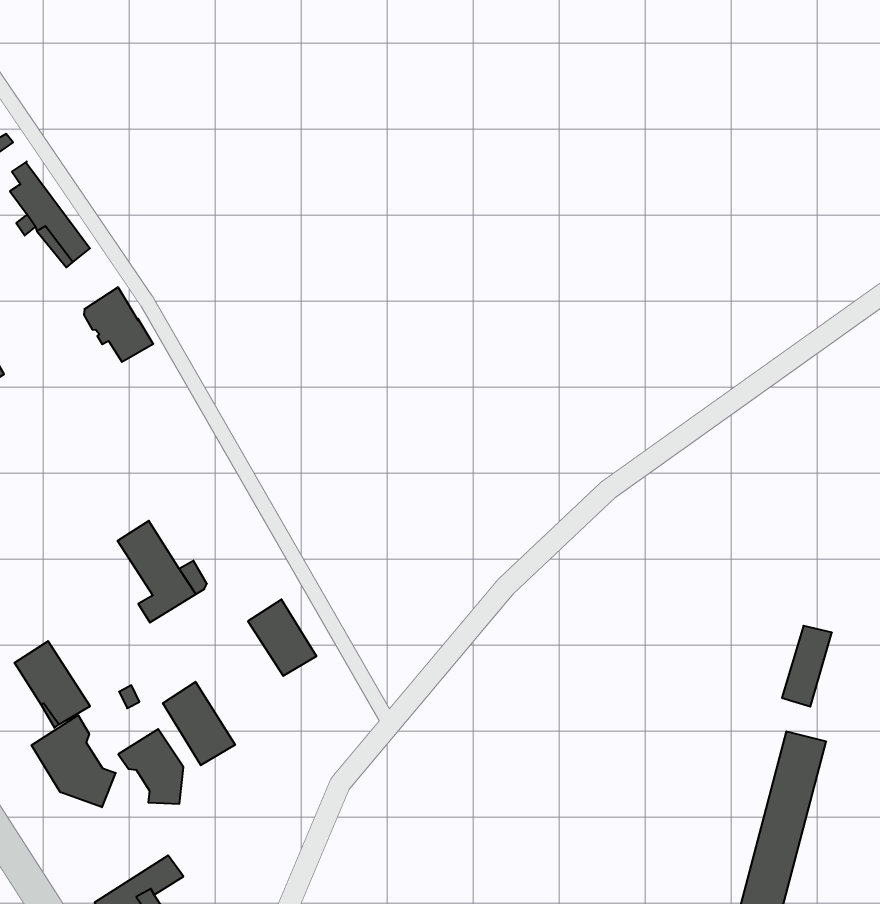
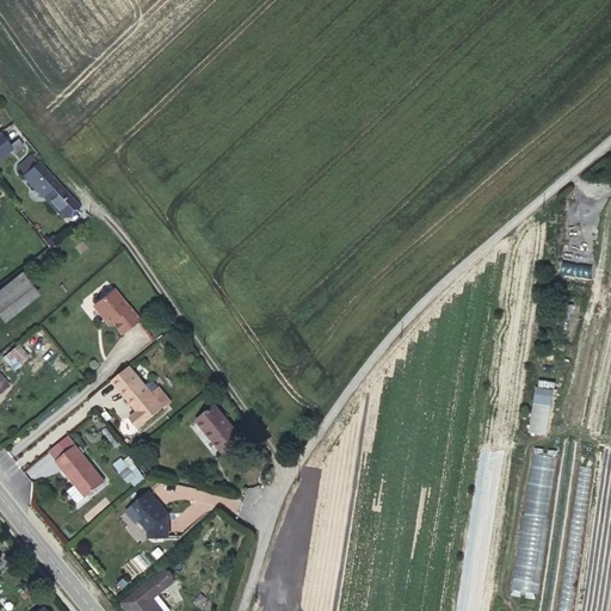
building: [84,287,153,362] -> [94,288,138,333]
building: [163,682,235,765] -> none
building: [32,715,116,807] -> none

